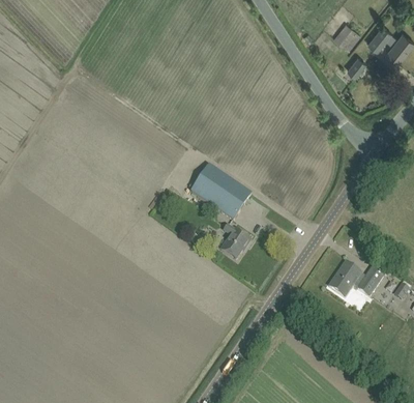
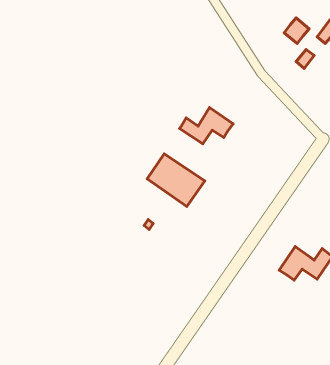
building: none -> [180,108,233,144]
building: [219,225,249,259] -> none

